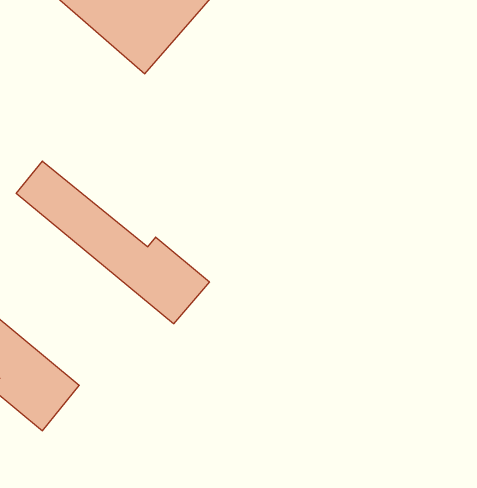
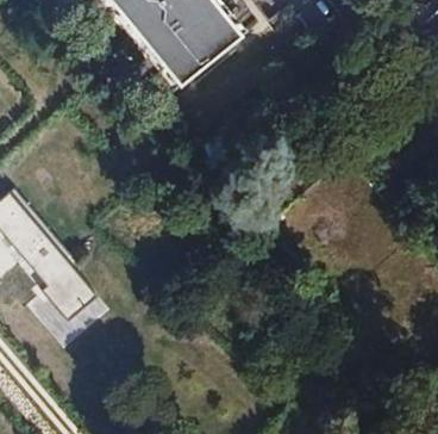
building: [16,161,209,324] -> none

